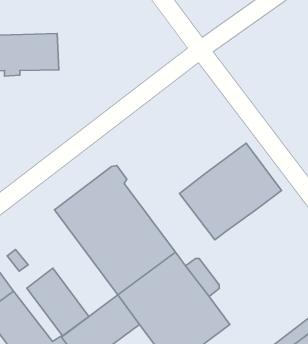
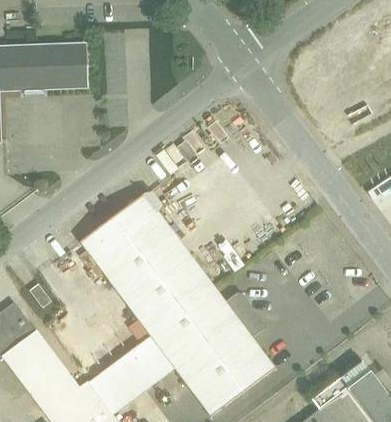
building: [179,143,281,240] -> none
building: [27,268,89,336] -> none

